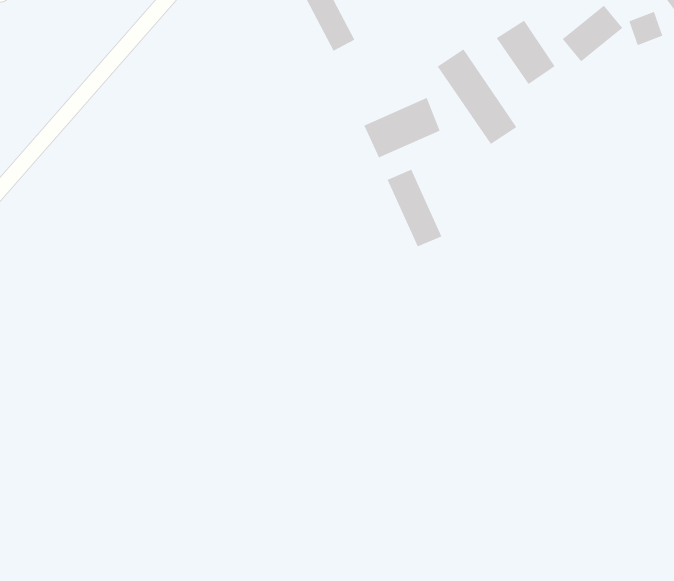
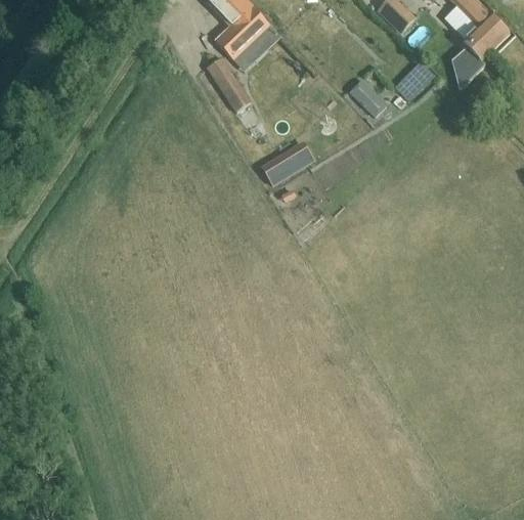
building: [437,49,517,145] -> none
building: [387,169,442,247] -> none

